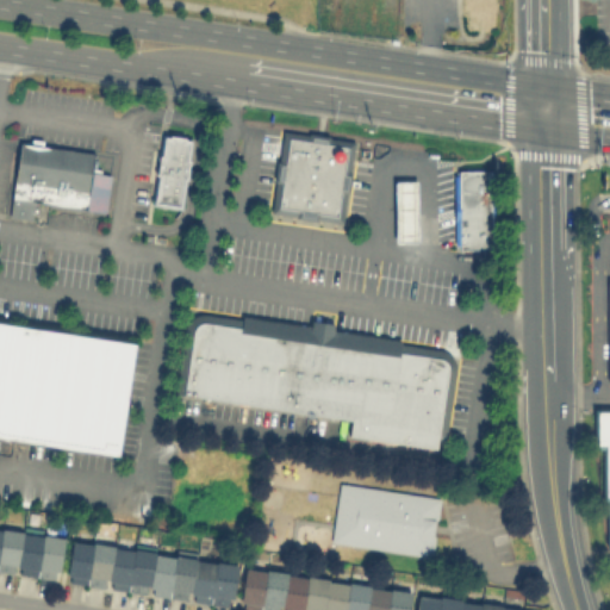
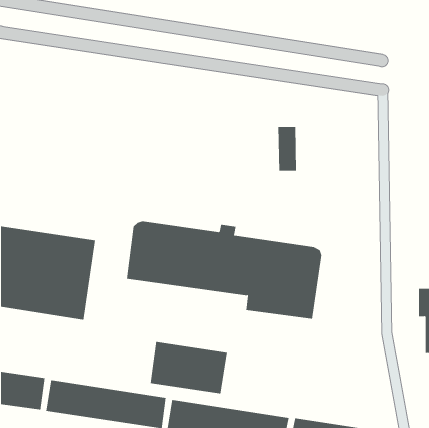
building: [272,133,356,226] -> none
building: [155,136,194,206] -> none
building: [10,144,111,220] -> none
building: [458,172,494,254] -> none
building: [331,485,442,560] -> [150,341,228,394]

